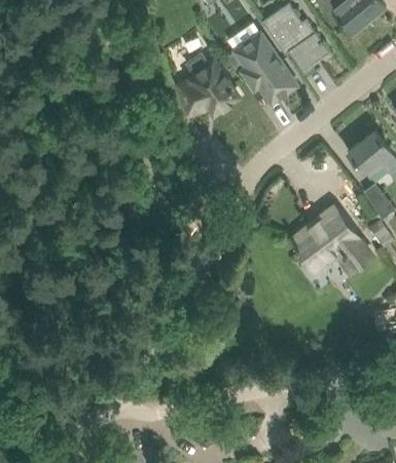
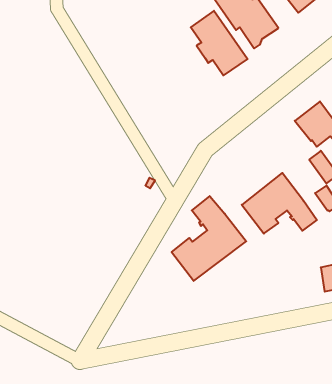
building: [177,54,239,116] -> none
building: none -> [172,196,246,281]

